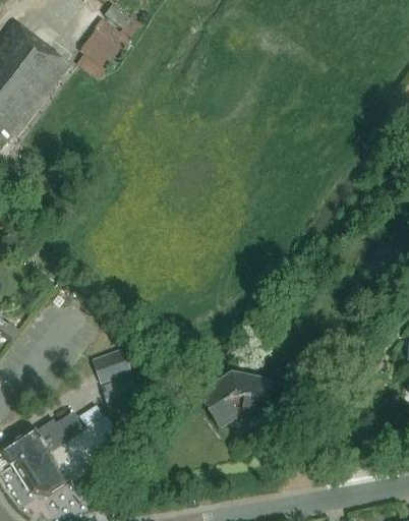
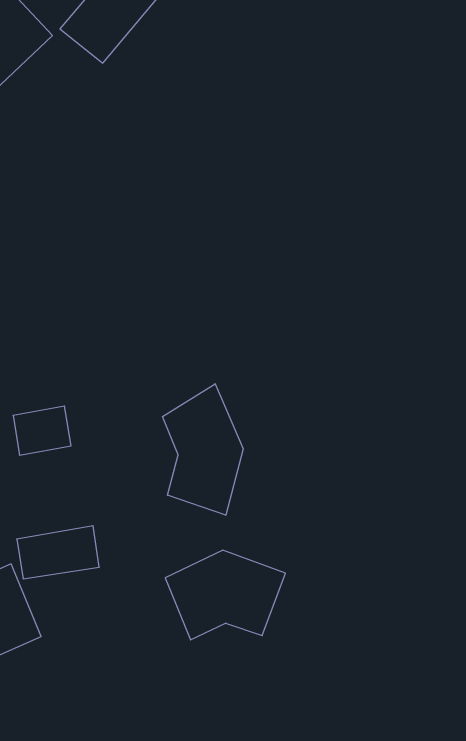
building: none -> [163,384,243,515]
building: [91,348,130,384] -> [13,406,71,455]

